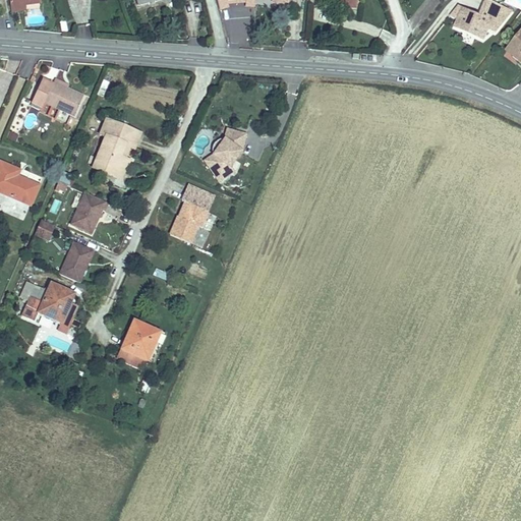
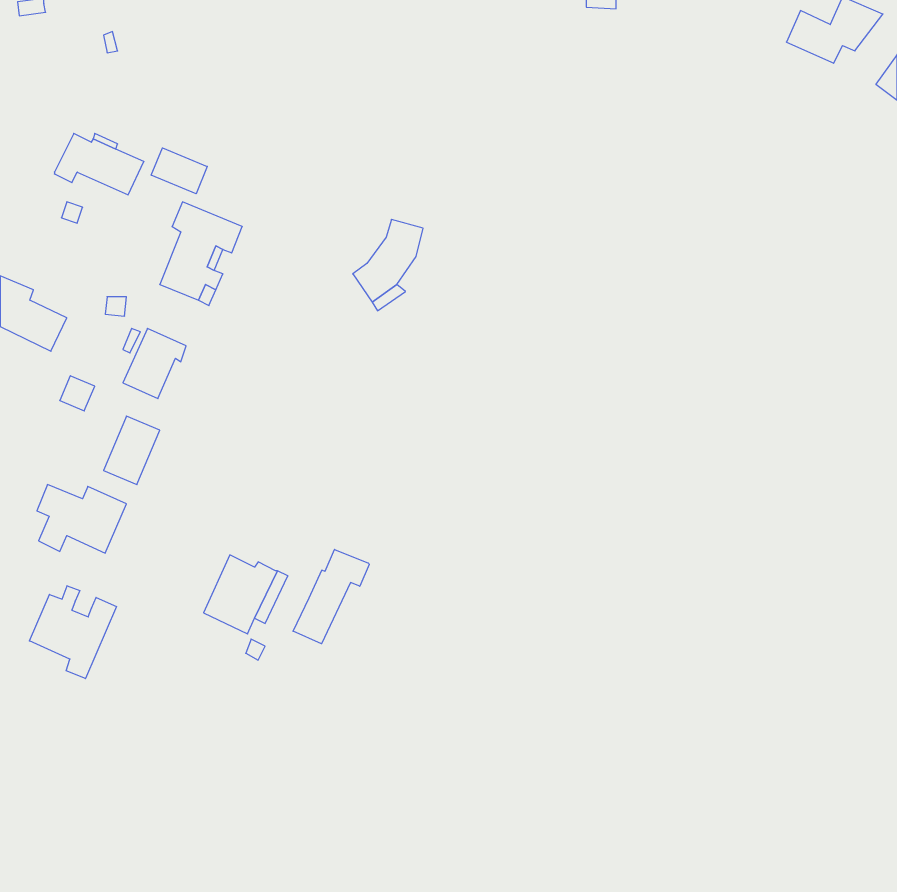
building: none -> [151,148,207,194]
building: [170,183,214,241] -> none
building: none -> [293,549,369,644]
building: none -> [29,586,116,679]

